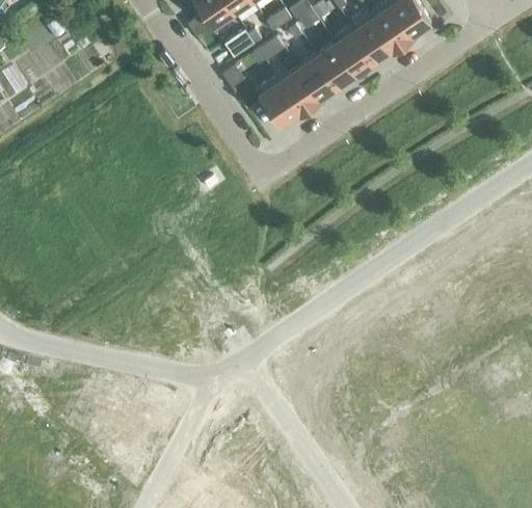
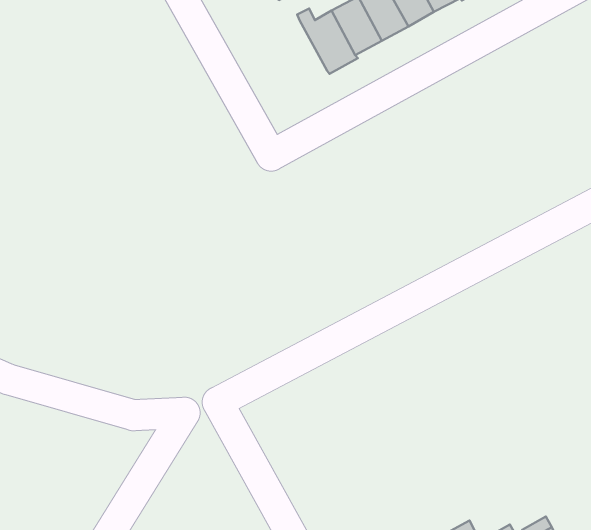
building: [252,79,295,127] -> none

